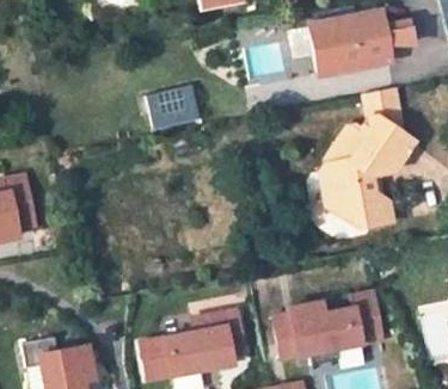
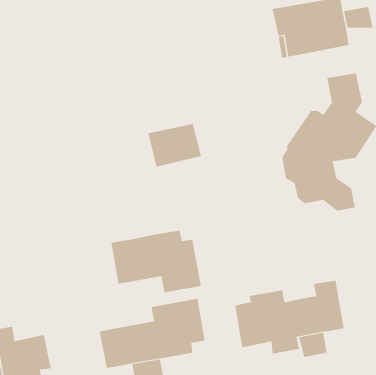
building: [147,86,201,129] -> [147,124,202,167]
building: none -> [111,230,201,293]

